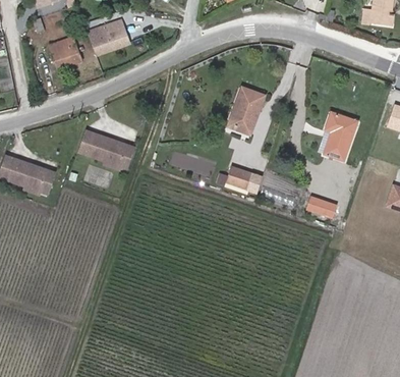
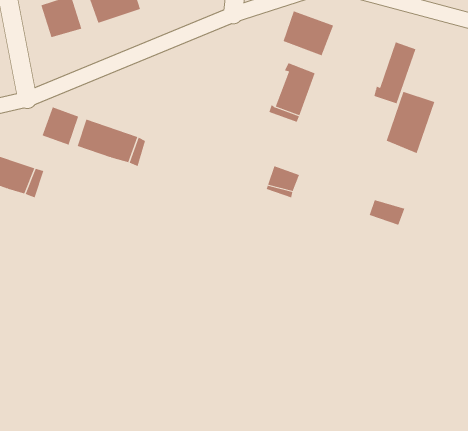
building: none -> [283,10,334,56]
building: none -> [374,42,416,104]
building: none -> [42,107,79,145]

